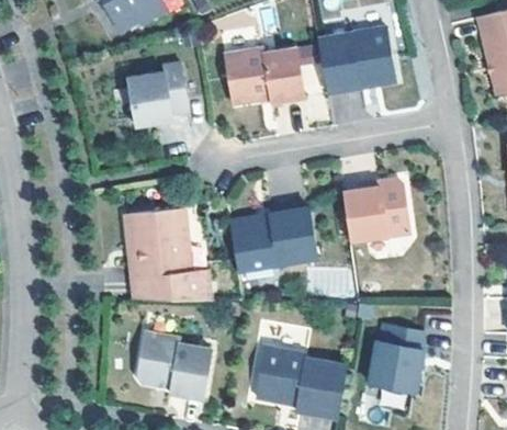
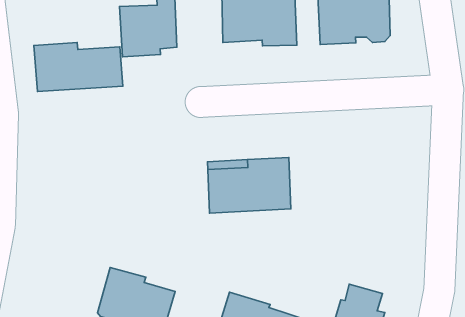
building: none -> [34,43,123,92]
building: [342,178,409,241] -> none
building: [134,213,212,298] -> none

